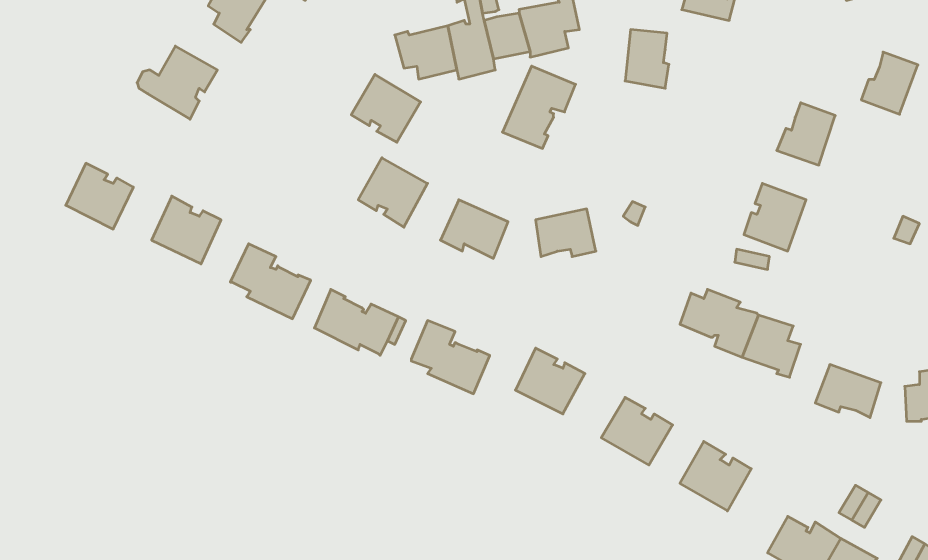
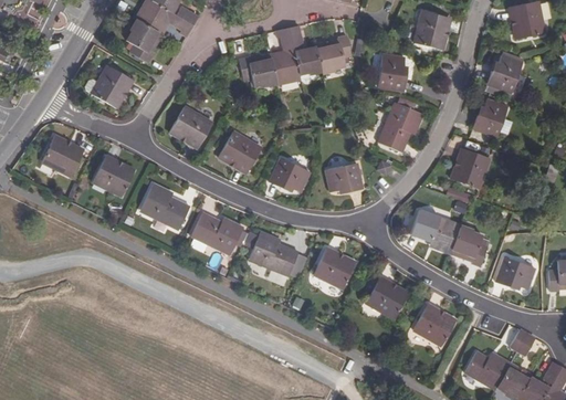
building: [861,52,918,114] -> [488,54,522,92]
building: [502,66,576,148] -> [378,102,422,151]
building: [351,74,421,142] -> [169,106,211,147]

